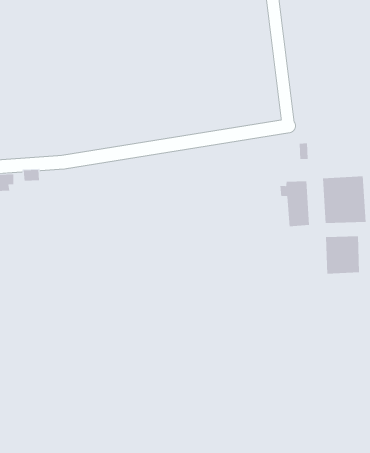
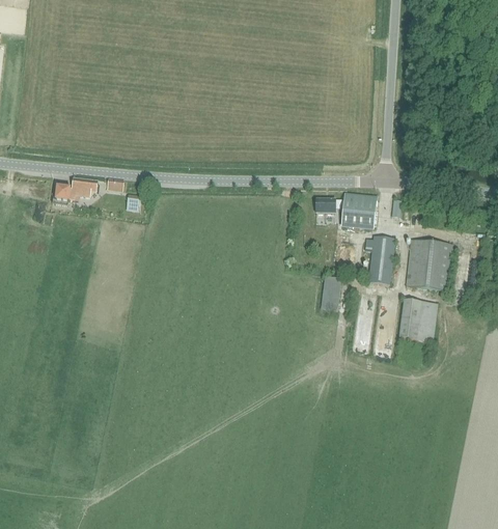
building: none -> [315,192,378,230]
building: none -> [321,276,341,311]

